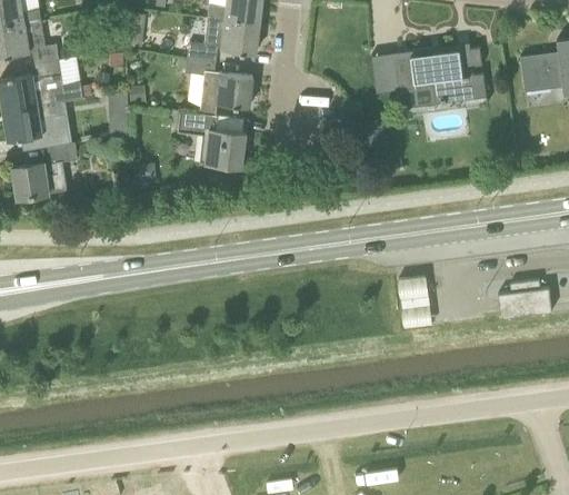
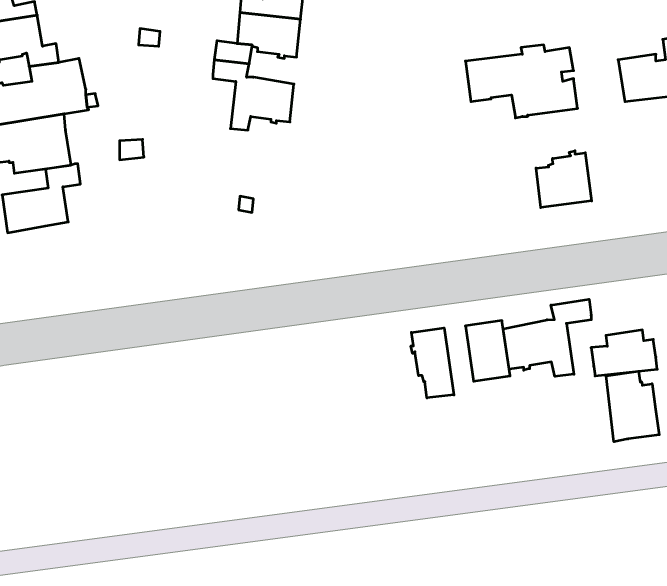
building: [178,110,247,169] -> none
building: none -> [536,151,592,208]
building: none -> [503,299,591,376]
building: none -> [411,328,454,398]
building: none -> [606,371,659,442]

